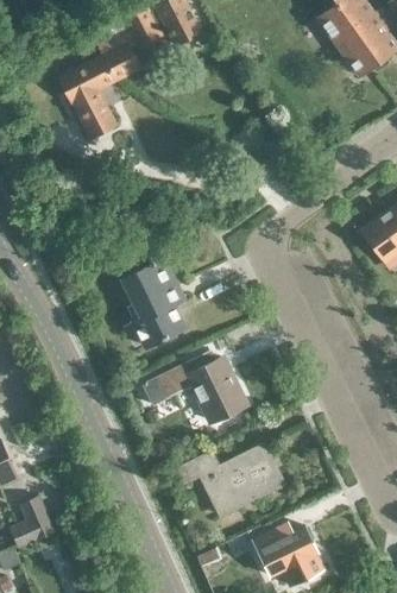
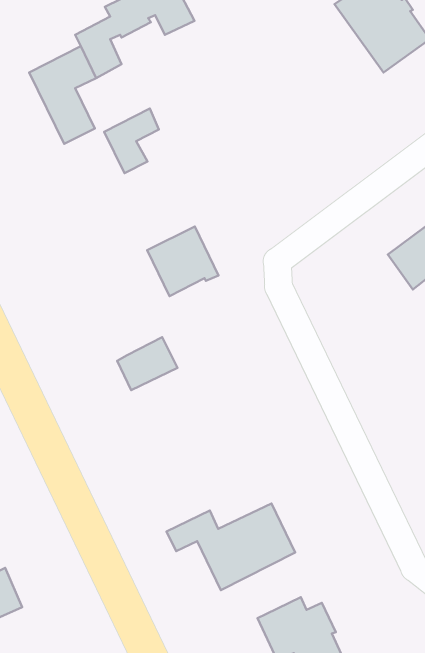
building: none -> [104,108,159,173]
building: [122,258,183,317] -> [147,226,219,296]
building: [141,359,244,422] -> none

